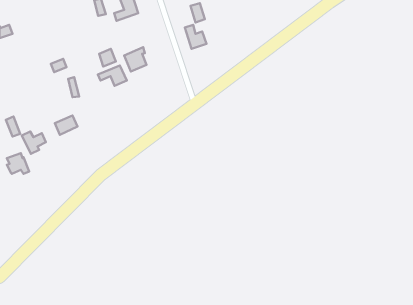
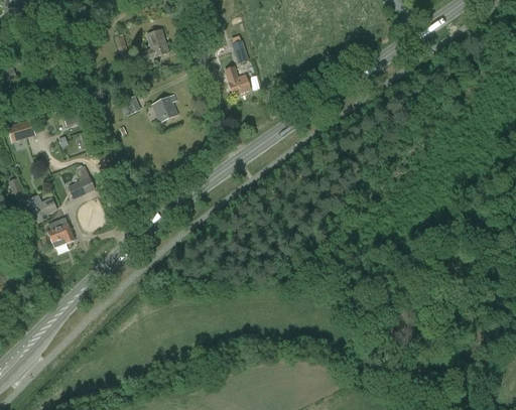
building: [98,65,127,86] -> none
building: none -> [7,119,35,142]
building: [7,153,29,174] -> [47,218,75,243]

